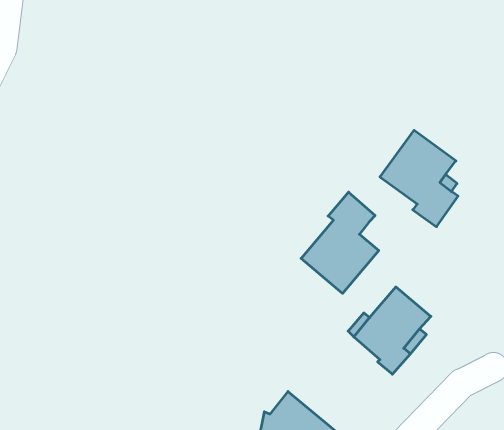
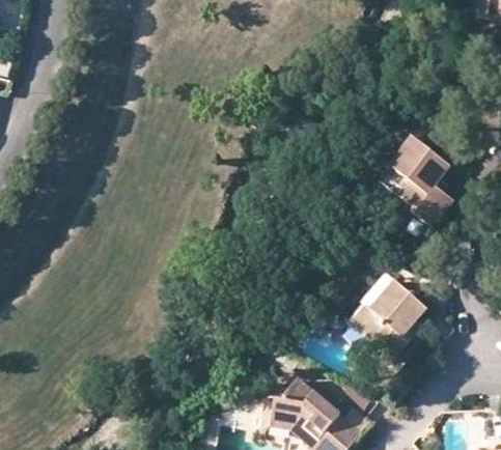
building: [301,192,379,293] -> none

